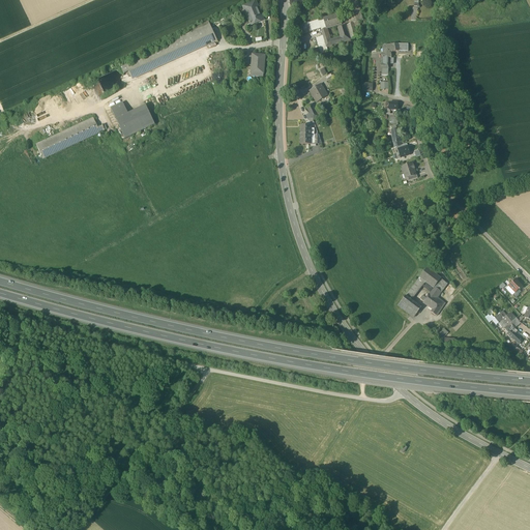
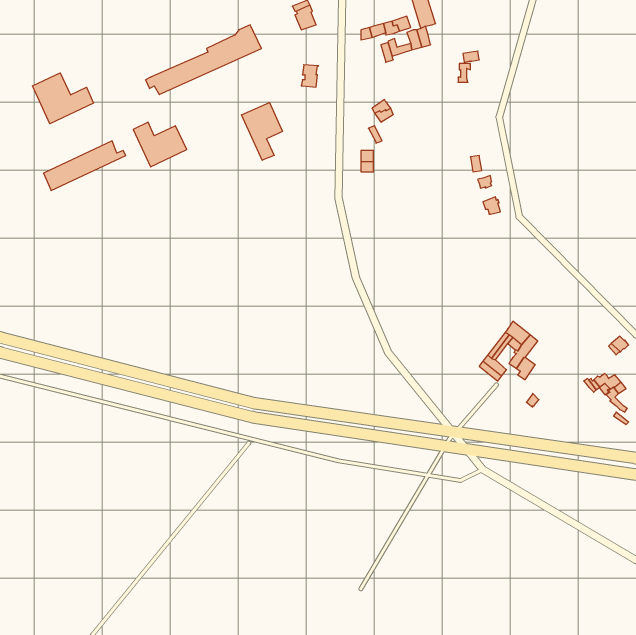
building: none -> [32,73,93,124]
building: none -> [242,103,283,160]

